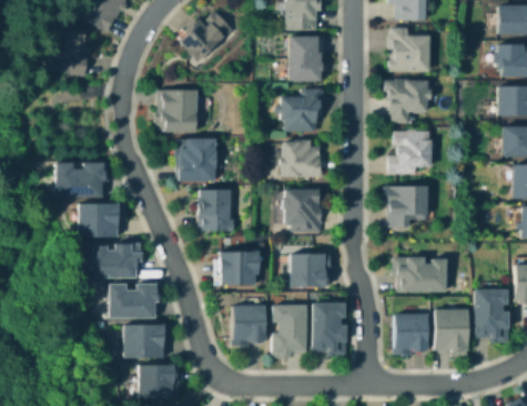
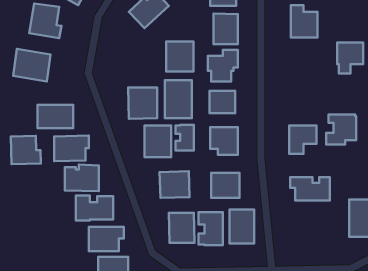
building: [393,80,427,121] -> [337,43,363,73]
building: none -> [13,49,50,81]
building: [158,89,194,129] -> [166,42,193,71]
building: none -> [165,80,192,118]
building: [391,132,430,172] -> [326,114,356,144]
building: none -> [176,125,194,150]
building: none -> [11,136,41,164]
building: [436,308,468,348] -> none
building: [395,315,427,355] -> none

